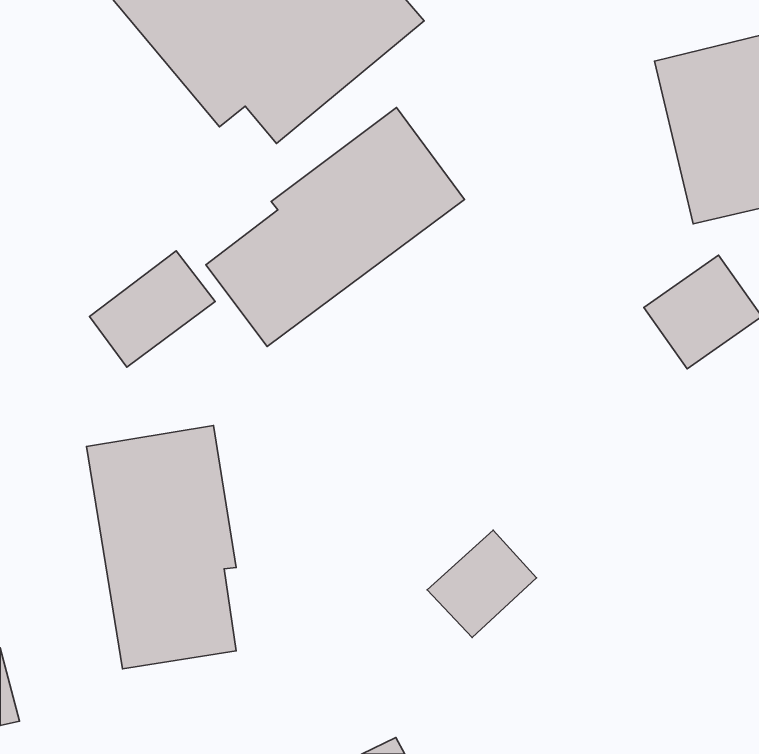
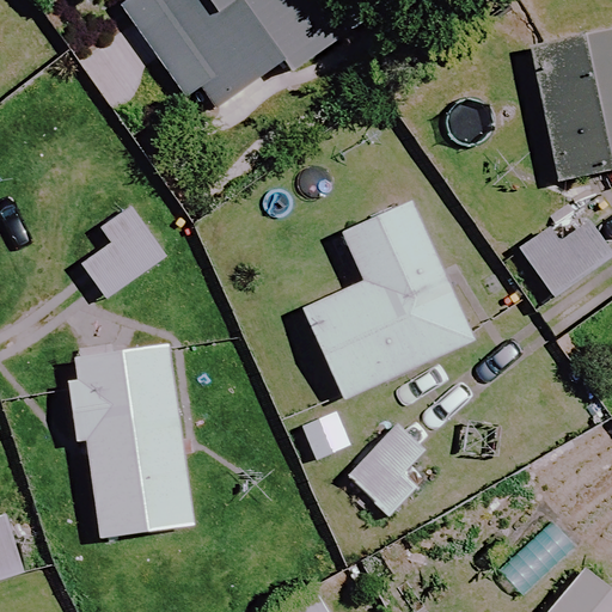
building: [206,108,465,347] -> none
building: none -> [302,198,472,396]

